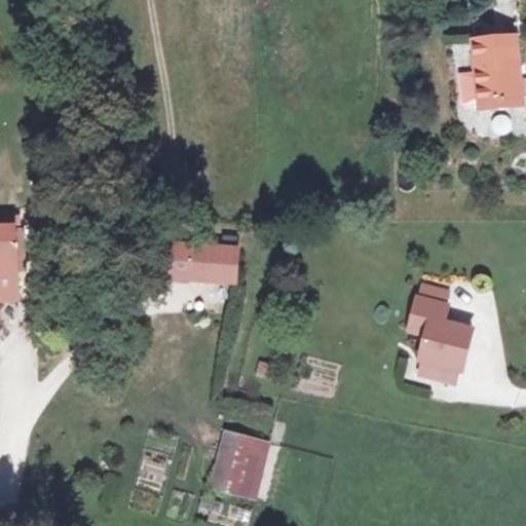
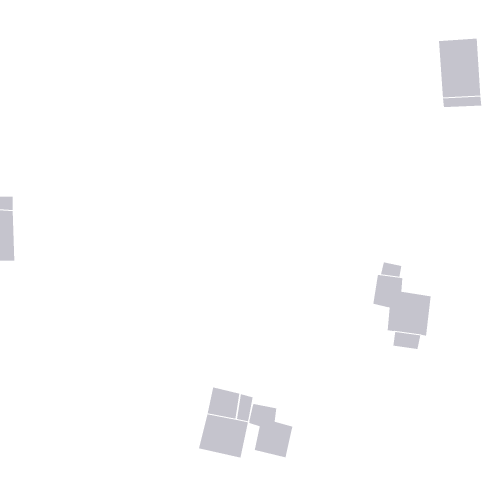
building: [178,245,246,284] -> none
building: none -> [249,403,293,458]

